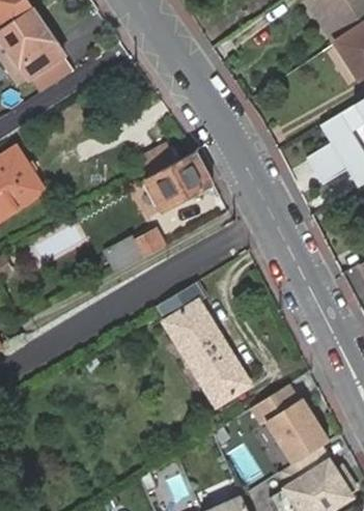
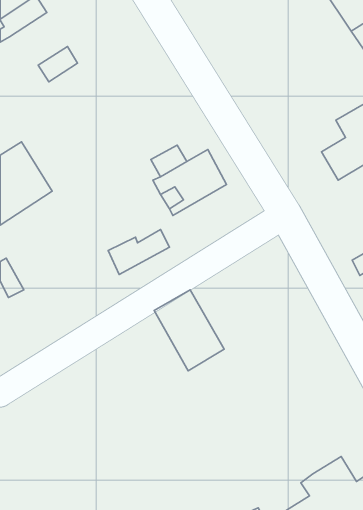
building: [9,25,64,75] -> none
building: [178,343,239,407] -> none
building: [252,378,331,461] -> none

